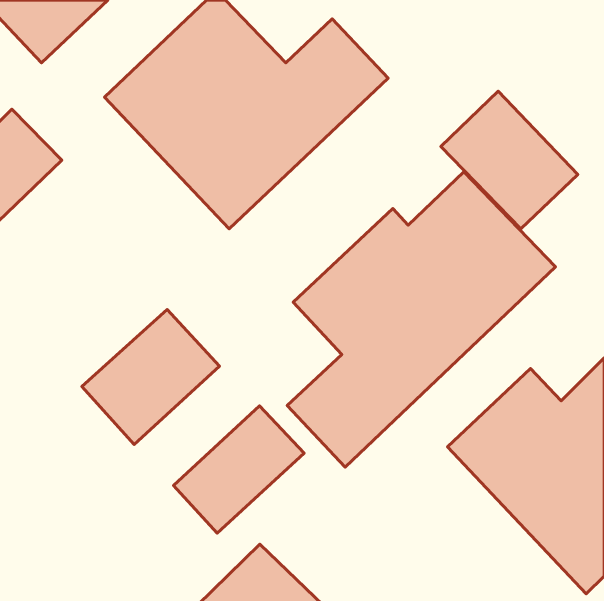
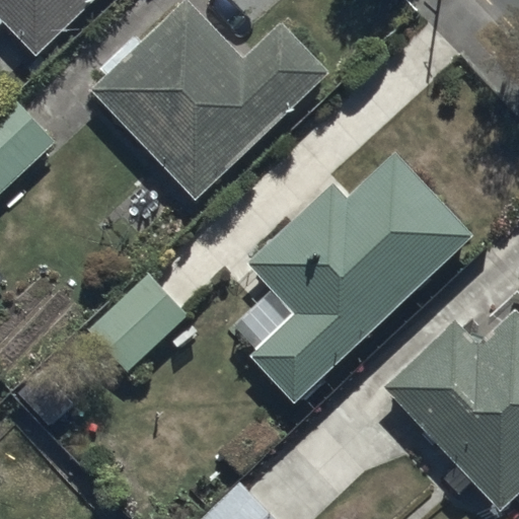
building: [441,91,578,229] -> none
building: [174,406,304,533] -> none

